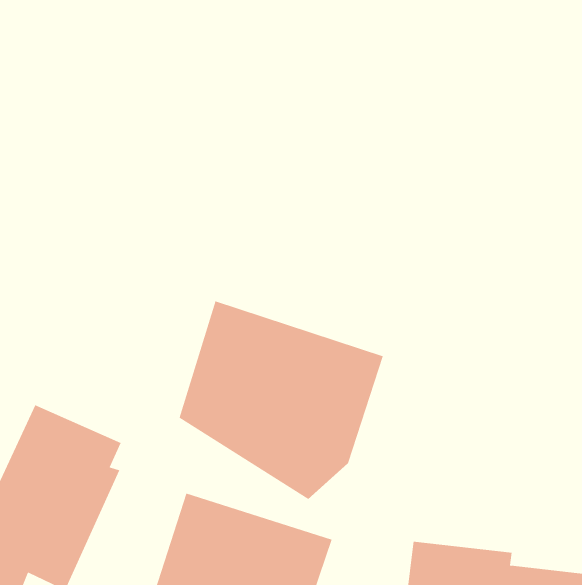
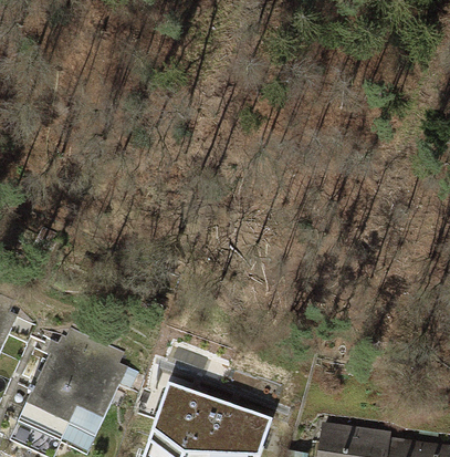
building: [179,300,383,500] -> none

